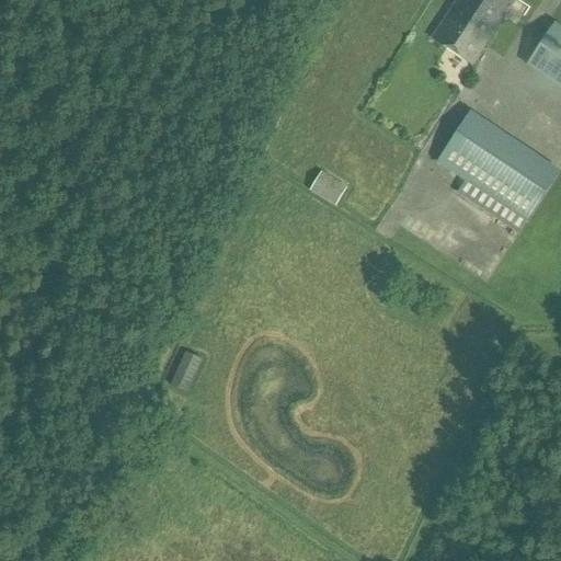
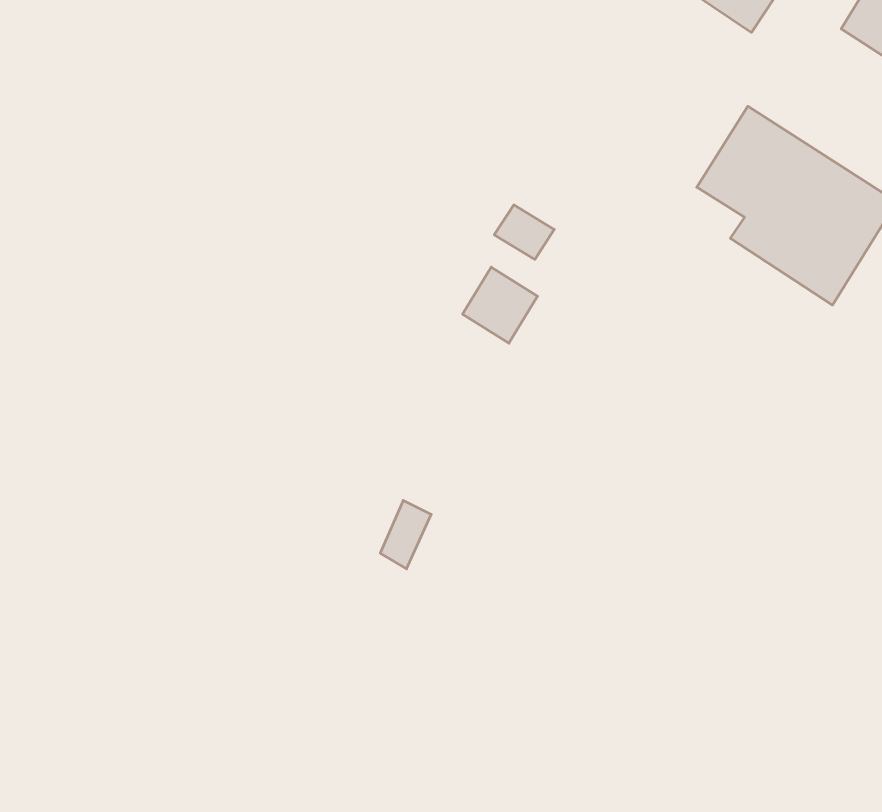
building: none -> [463,267,538,343]
building: [172,347,204,390] -> [380,500,431,569]

